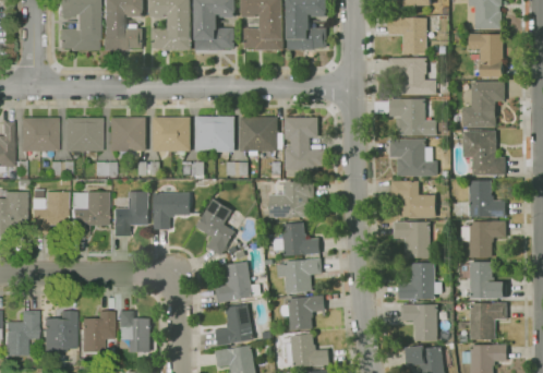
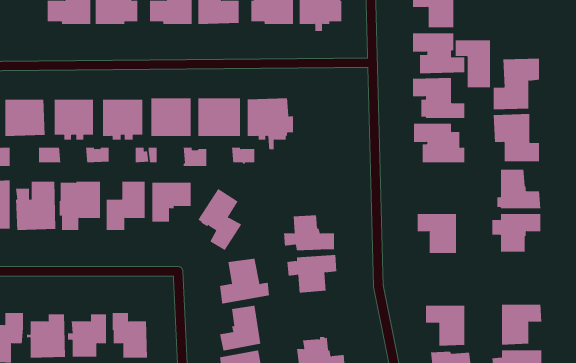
building: [469,34,502,77] -> [455,40,491,88]
building: [285,118,327,171] -> none
building: [269,180,314,217] -> none
building: [390,181,436,217] -> none
building: [470,262,506,298] -> none
building: [399,263,442,300] -> none
building: [280,296,326,330] -> none

